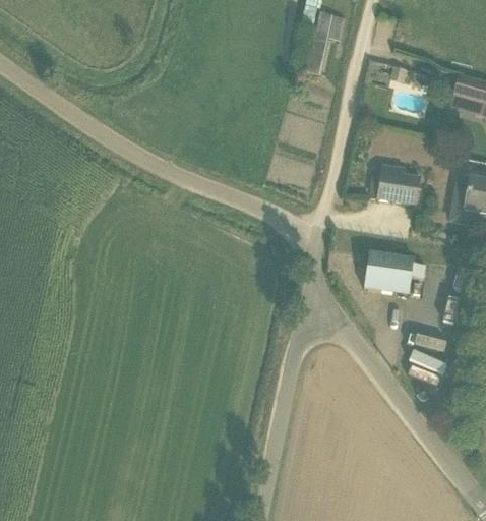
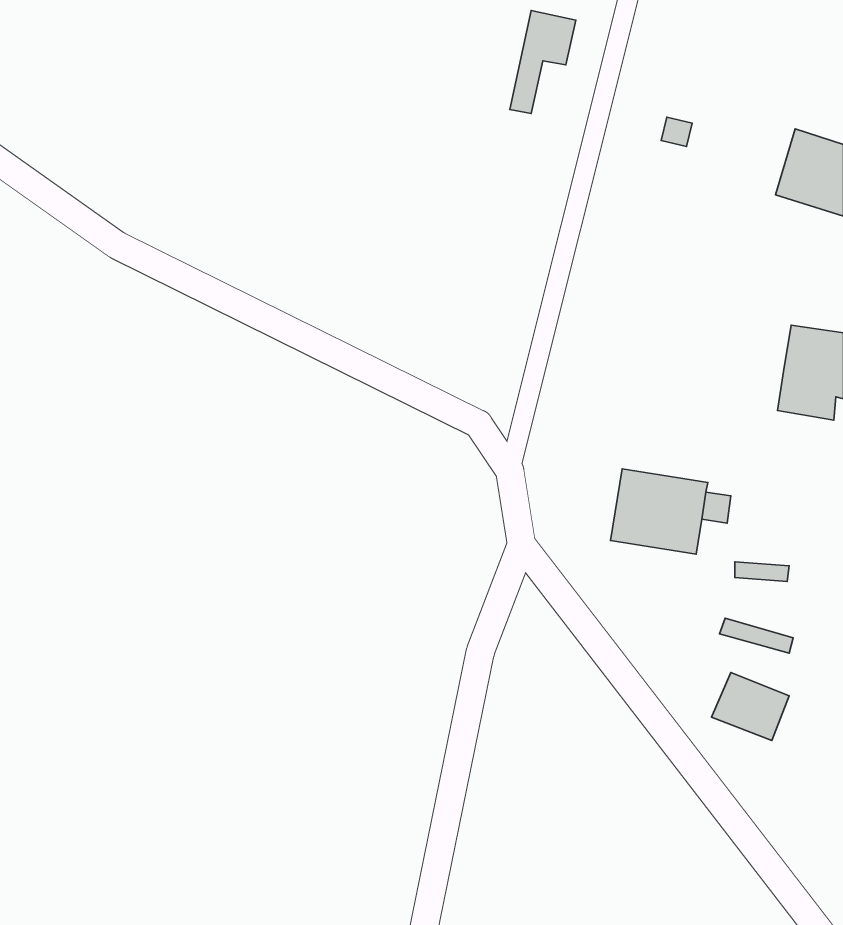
building: [376,163,420,204] -> none

